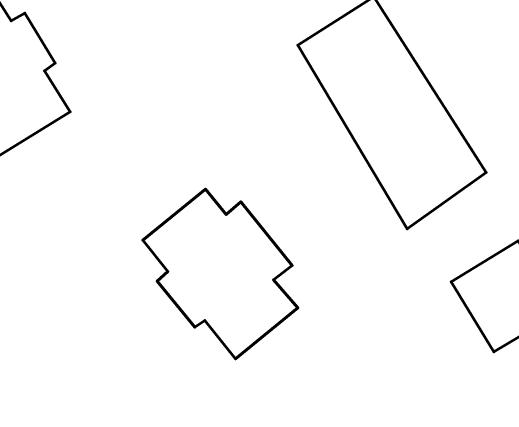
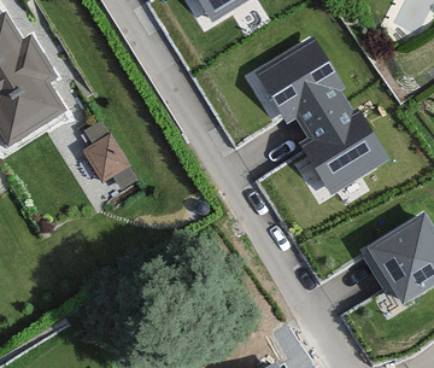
building: none -> [80,130,135,186]
building: [143,189,298,359] -> none

